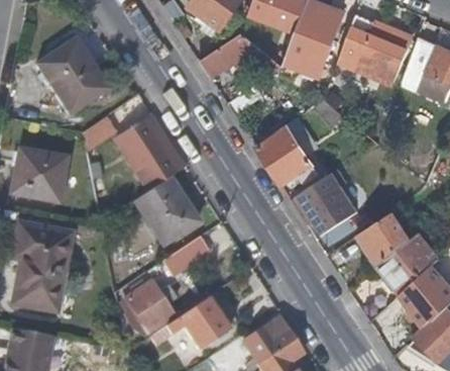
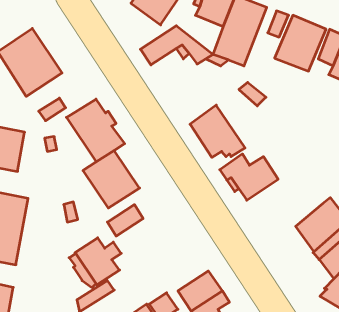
building: [360,212,412,266] -> none
building: [179,297,232,351] -> none

